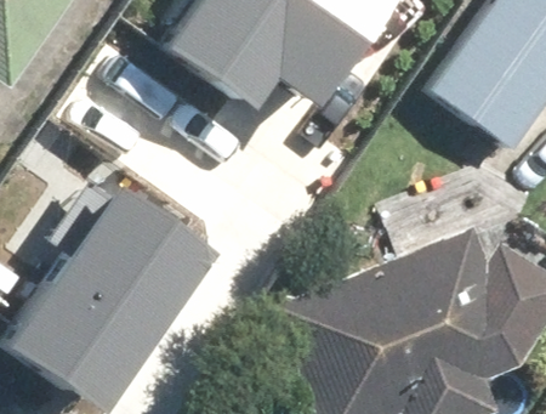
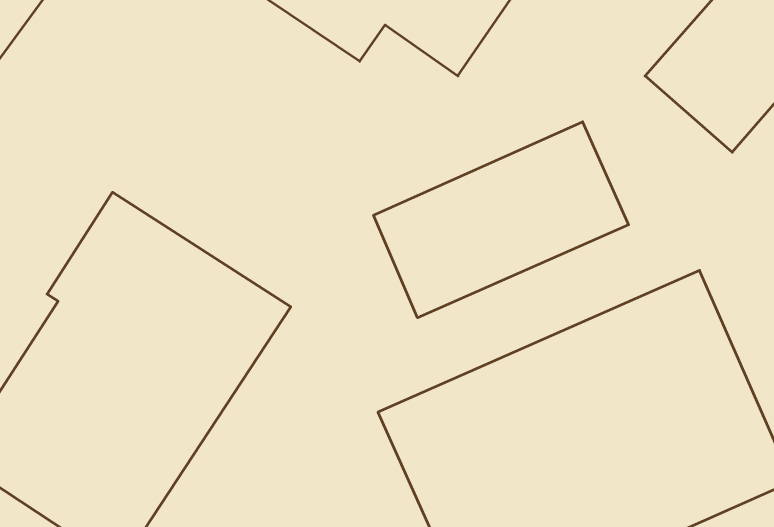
building: none -> [374,122,629,318]

